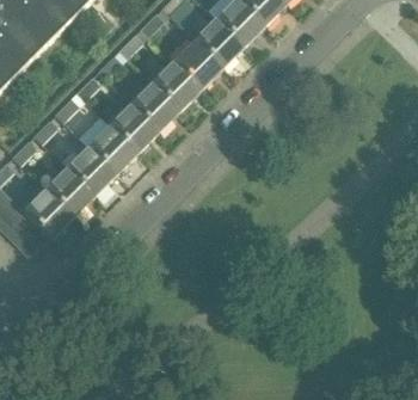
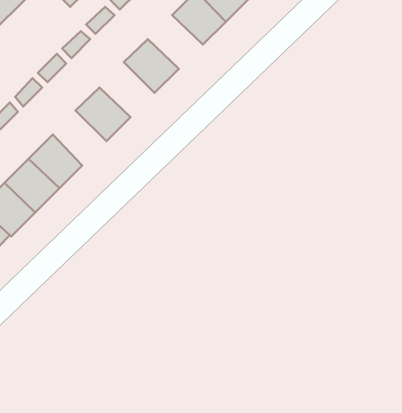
building: [172,41,221,88] -> none
building: [129,82,178,131] -> none
building: [87,125,135,174] -> none

